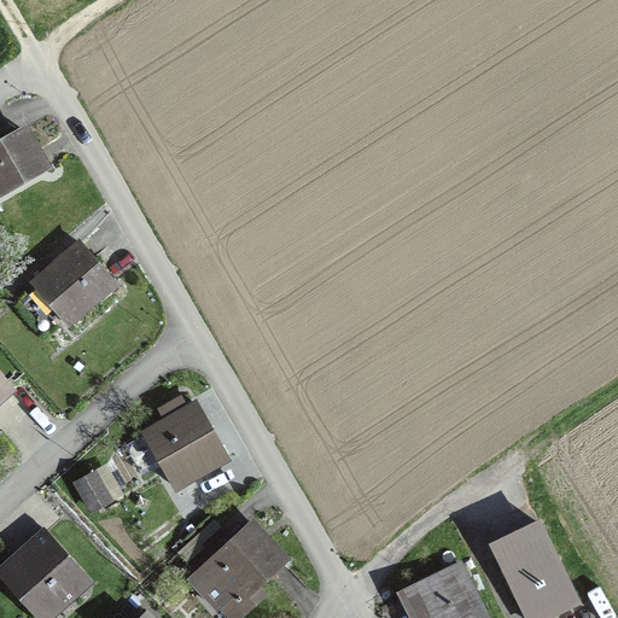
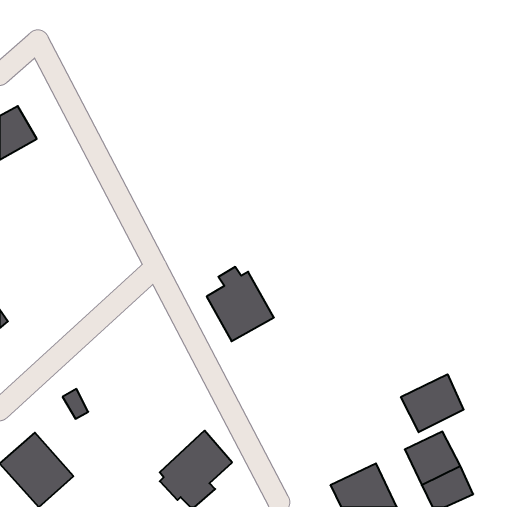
building: [31,243,113,323] -> none
building: [144,397,226,488] -> [207,267,274,341]
building: none -> [401,374,464,432]

